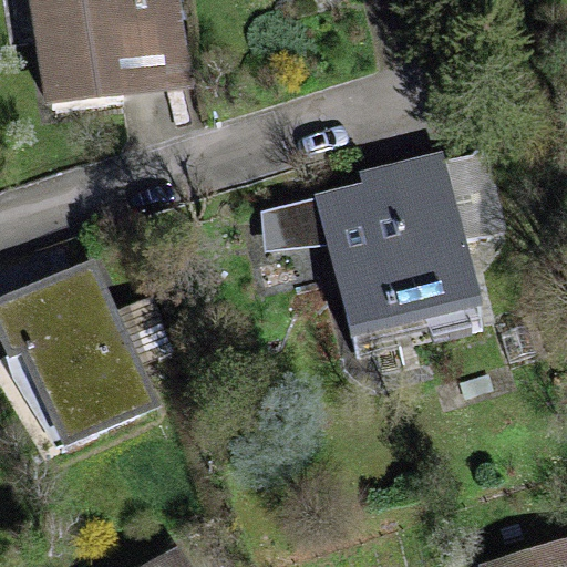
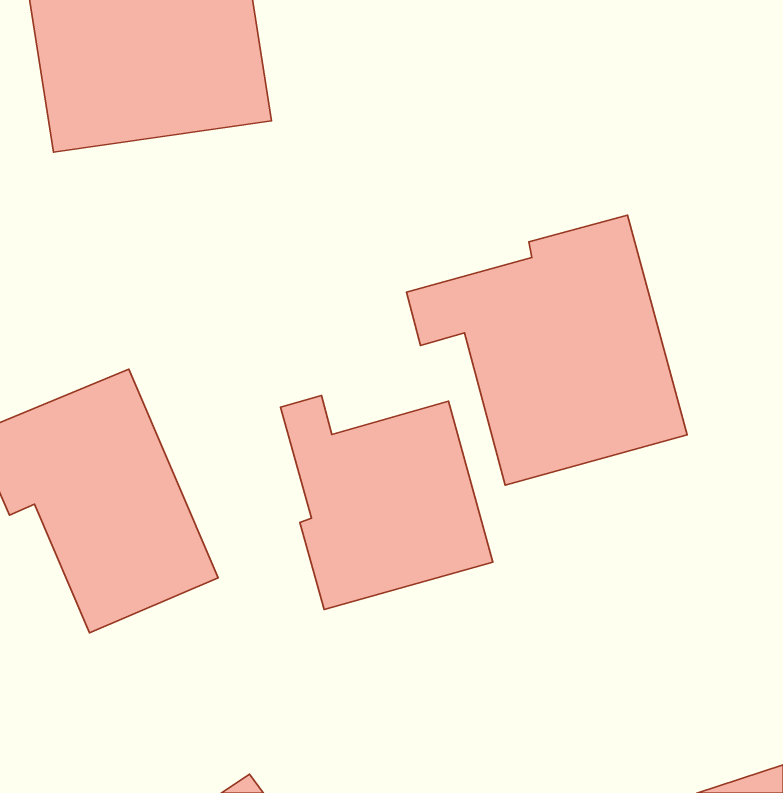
building: none -> [281,395,493,610]

